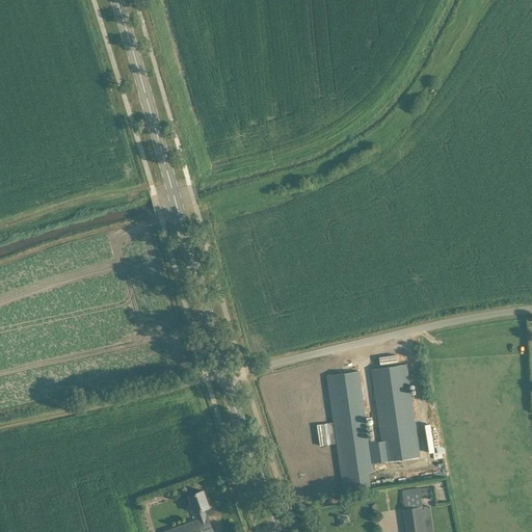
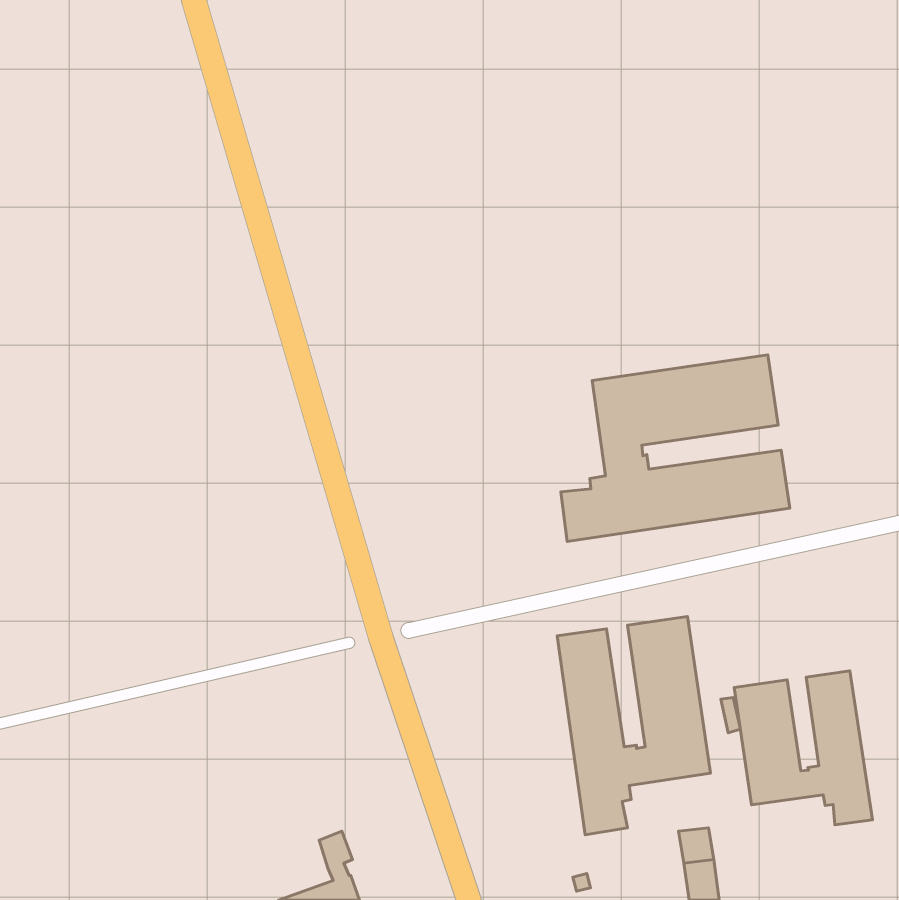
building: none -> [561,355,790,542]
building: none -> [734,671,872,825]

